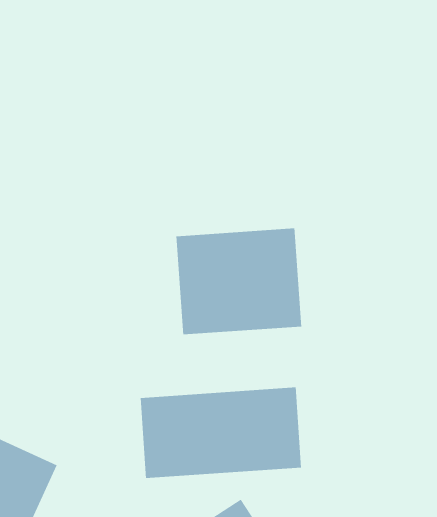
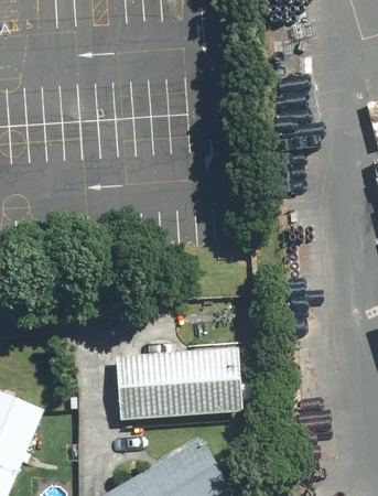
building: [176,228,302,335] -> none

